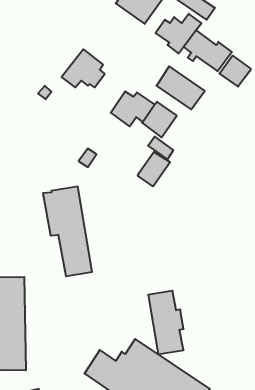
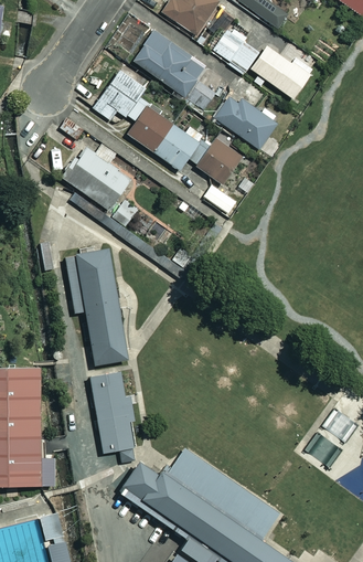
building: none -> [131,31,216,109]
building: [219,56,251,87] -> none
building: none -> [125,102,171,152]
building: none -> [61,142,130,210]
building: [138,152,170,186] -> none
building: [148,291,184,354] -> [89,371,136,454]

